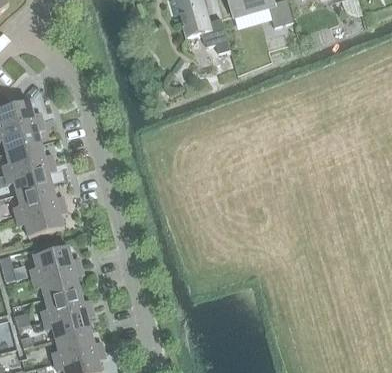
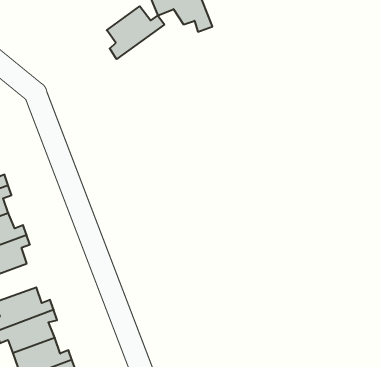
building: none -> [107,6,164,59]

